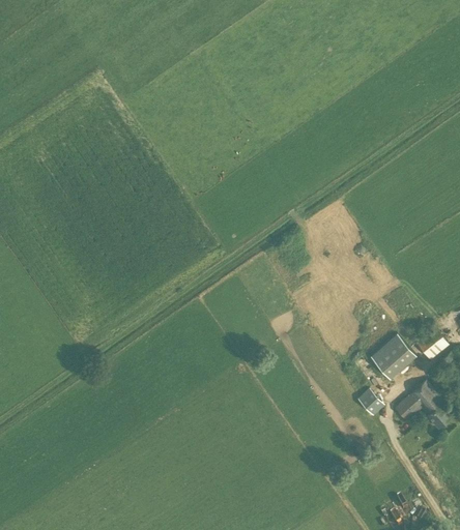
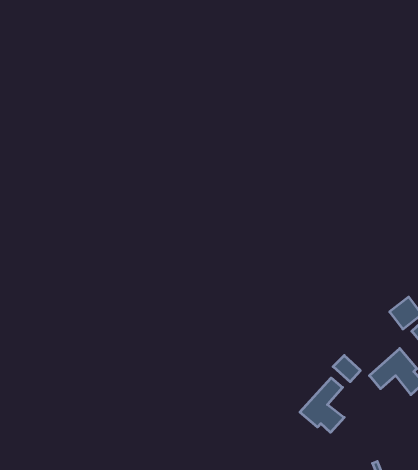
building: [370,333,415,379] -> none
building: none -> [300,378,344,432]

